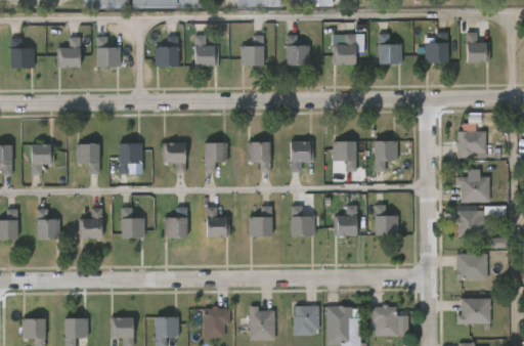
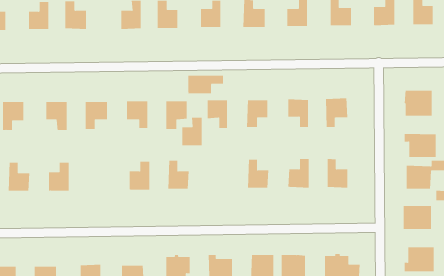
building: none -> [188,75,223,94]
building: [250,206,272,236] -> [181,117,203,146]
building: [121,207,144,237] -> none

